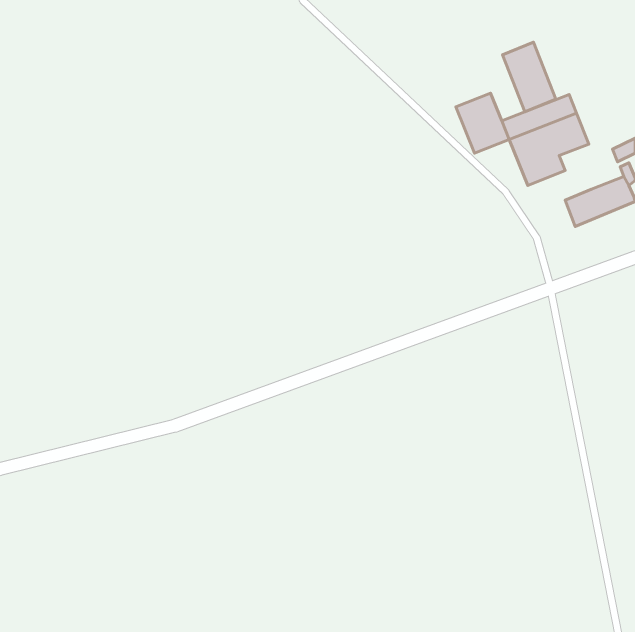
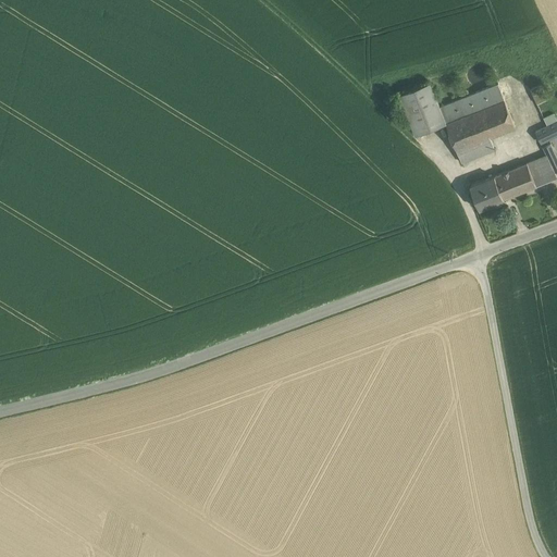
building: [503,42,556,112] -> none
building: none -> [470,178,503,211]

